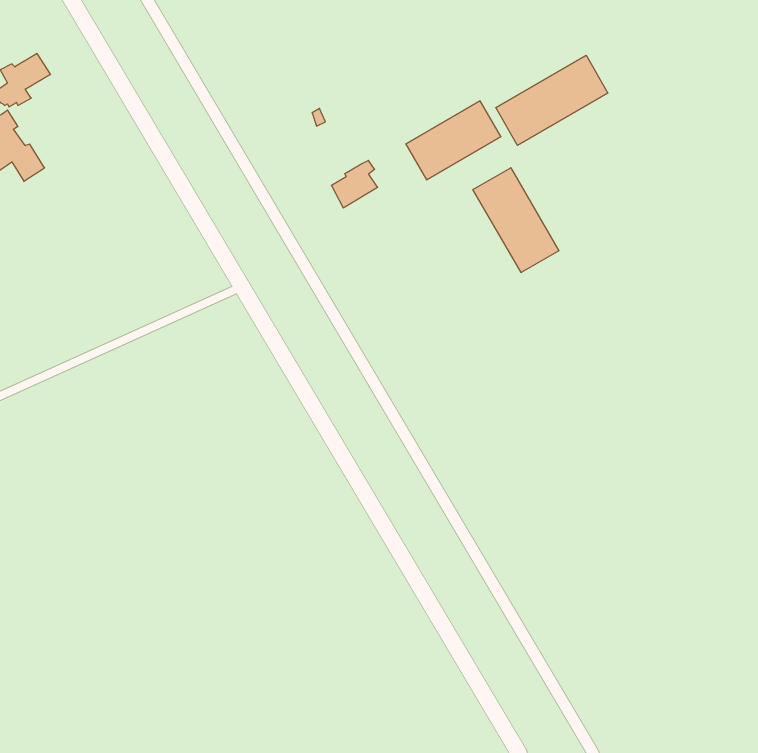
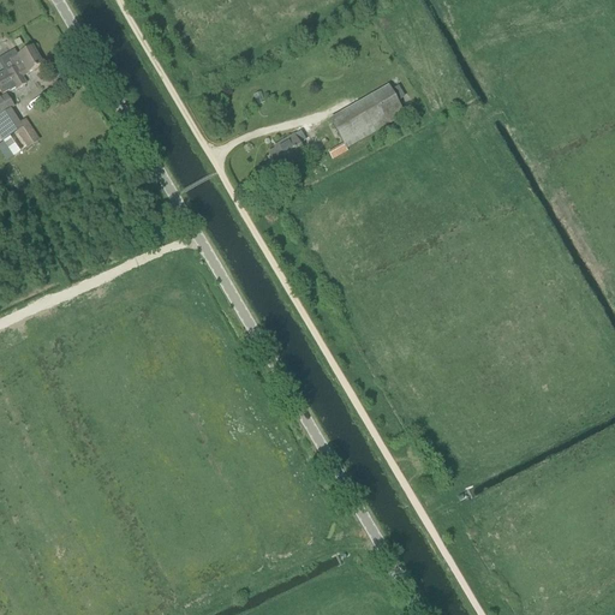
building: [496,55,608,145] -> none
building: [473,168,559,273] -> none

